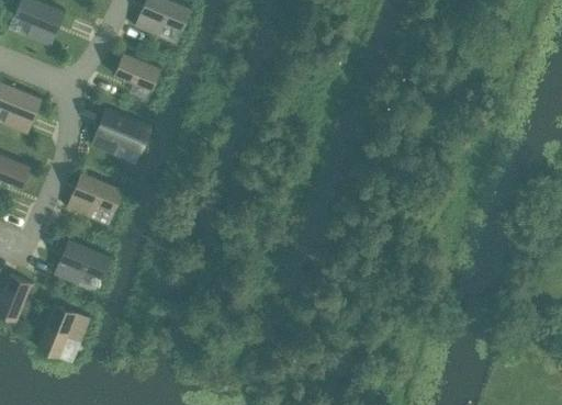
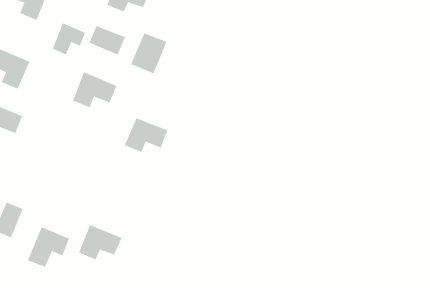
building: none -> [52,22,87,55]
building: none -> [130,33,167,74]
building: [66,172,123,217] -> [122,117,168,153]
building: [54,239,111,284] -> [77,224,122,260]

